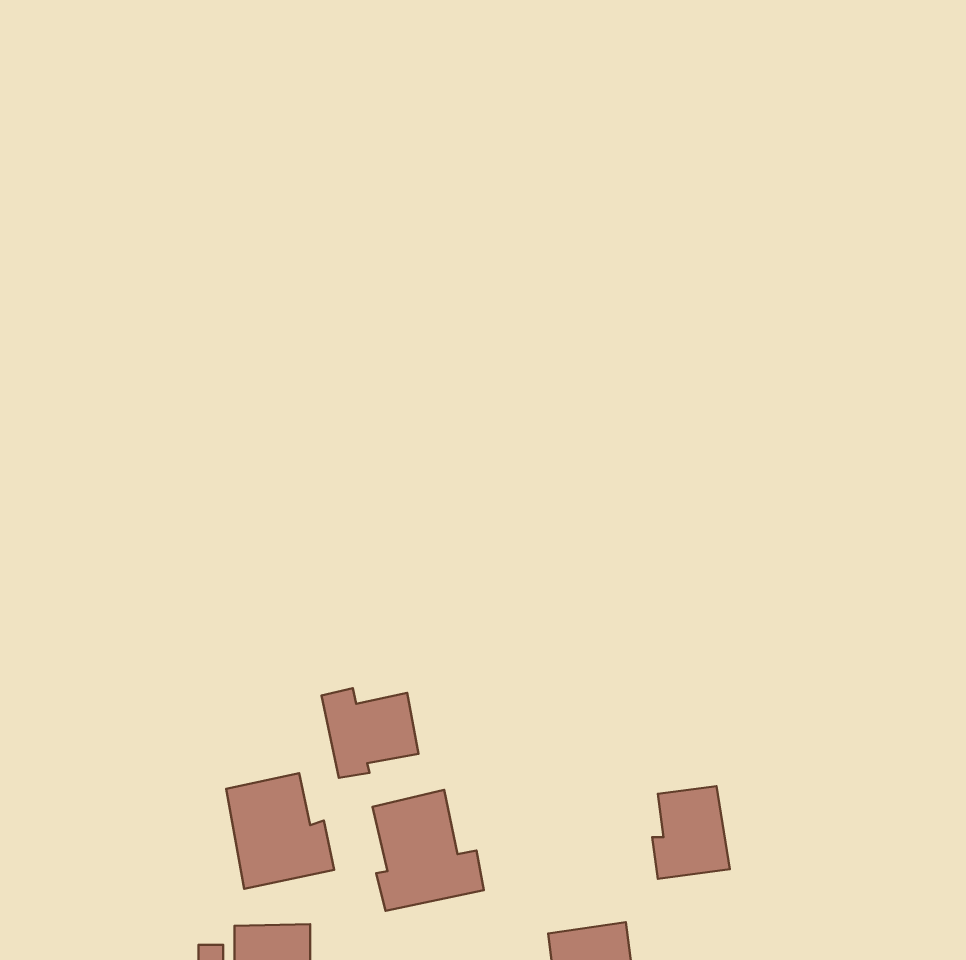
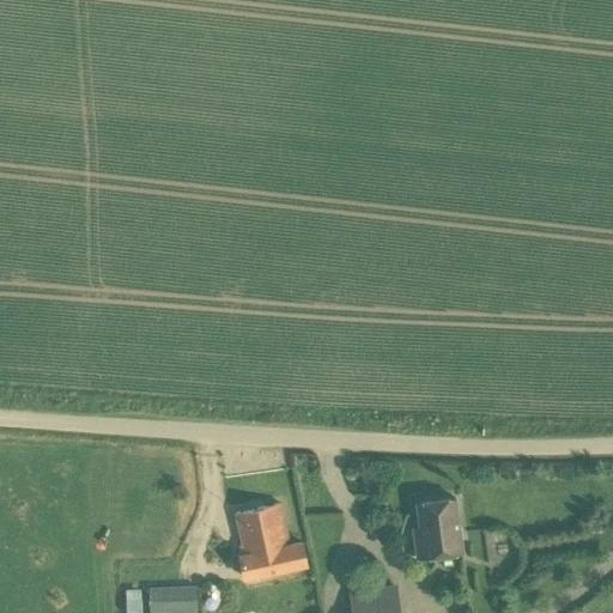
building: [321,688,419,778] -> none
building: [226,773,334,889] -> none

